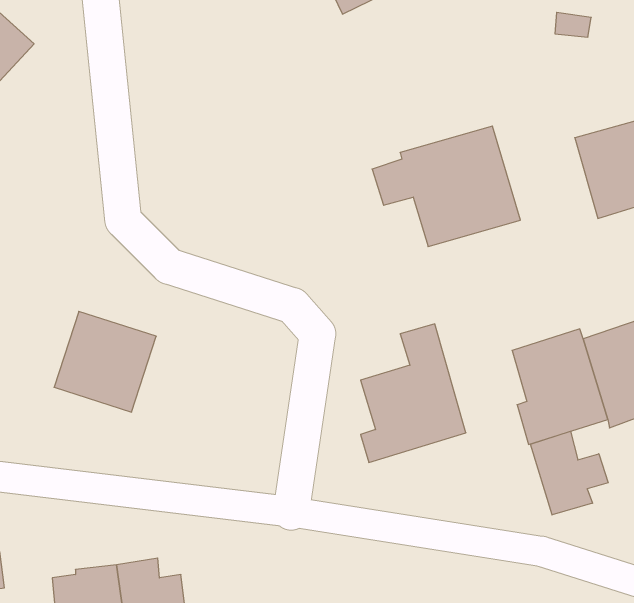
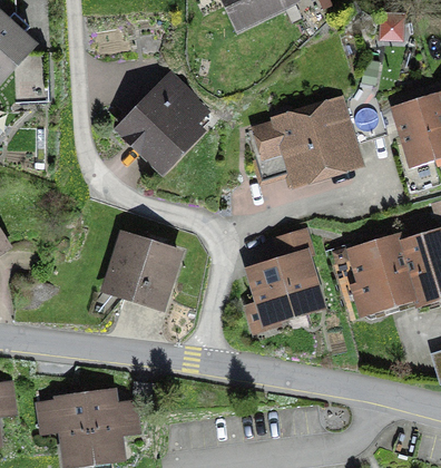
building: none -> [124,80,203,167]
building: [54,311,156,412] -> [106,238,175,306]
building: [531,431,608,515] -> none

